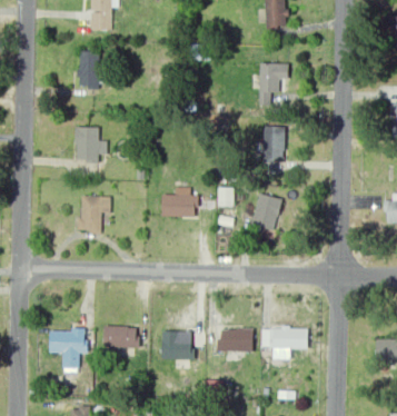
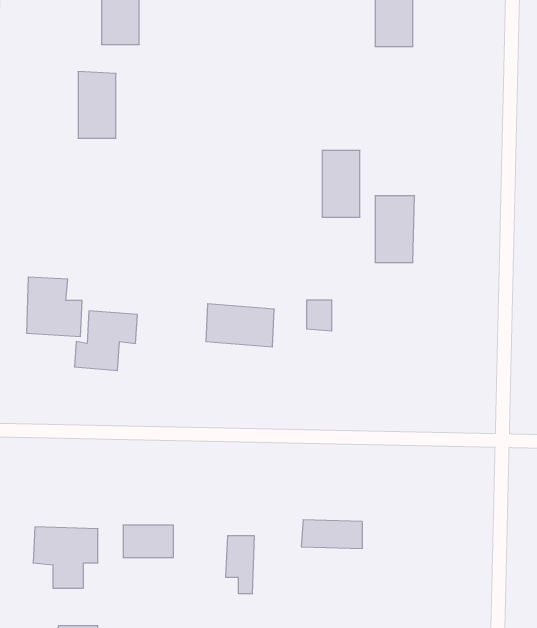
building: [258,59,281,100] -> [322,150,360,217]
building: [73,128,108,165] -> [26,277,82,337]
building: [256,190,279,231] -> none
building: [264,325,306,349] -> none

